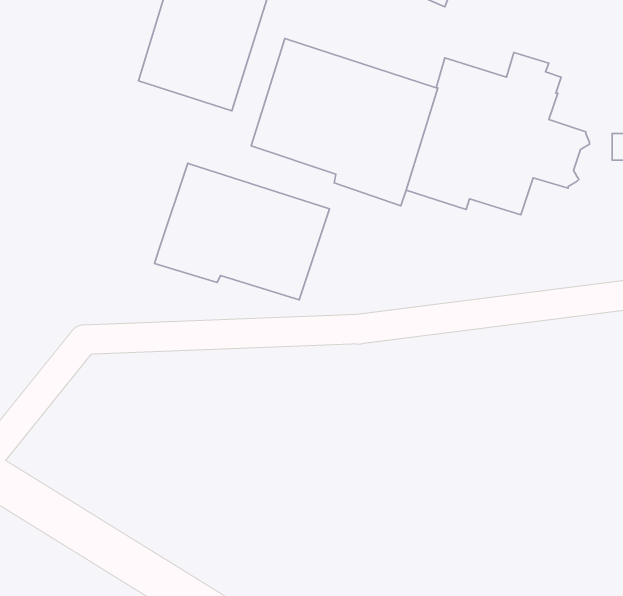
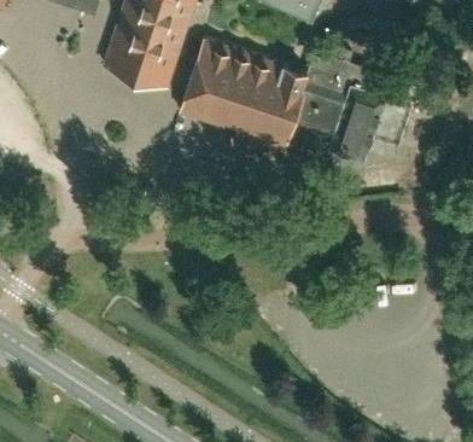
building: [155,163,330,300] -> none

